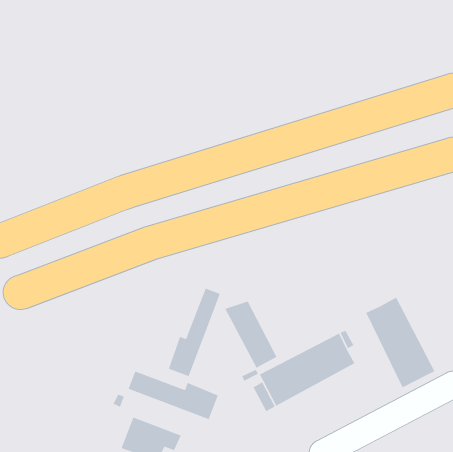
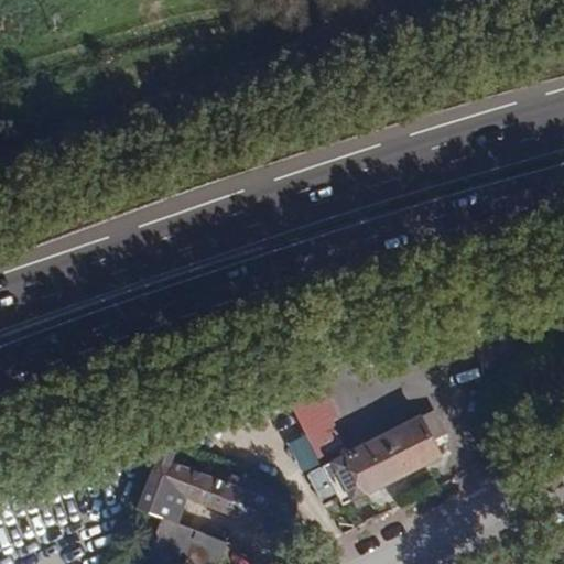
building: [168,288,221,377] -> none
building: [365,296,435,389] -> none

